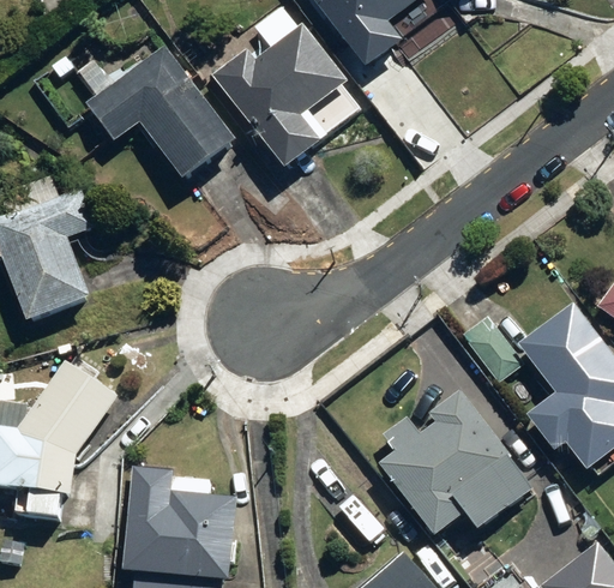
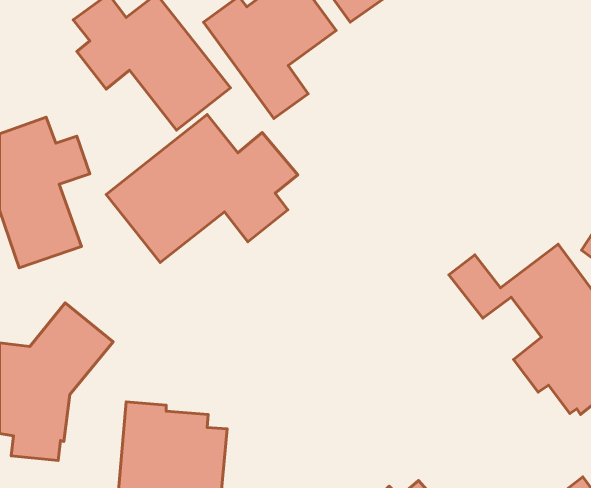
building: none -> [106,115,298,263]
building: [377,389,535,538] -> none

